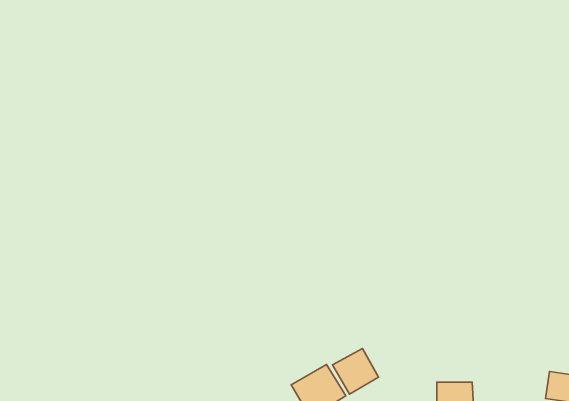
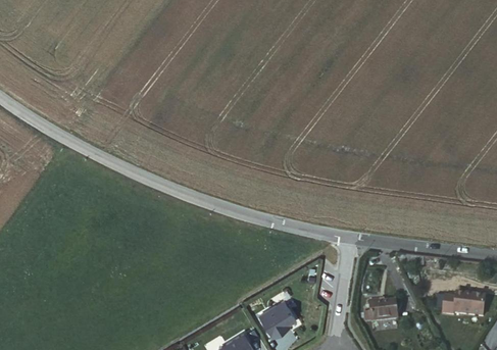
building: [332,348,378,394] -> none

